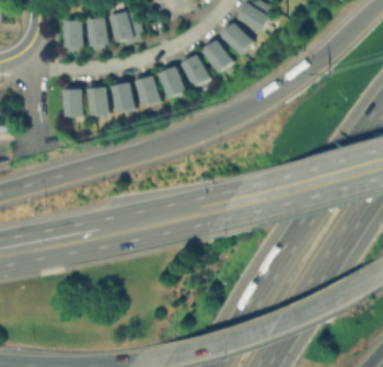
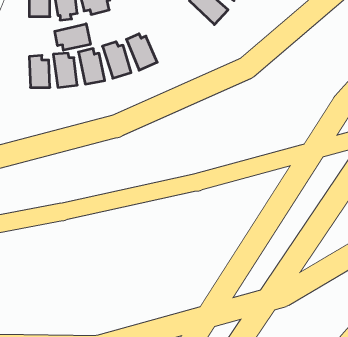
building: [197,39,232,73] -> none
building: [177,53,209,88] -> none
building: none -> [55,24,90,50]

